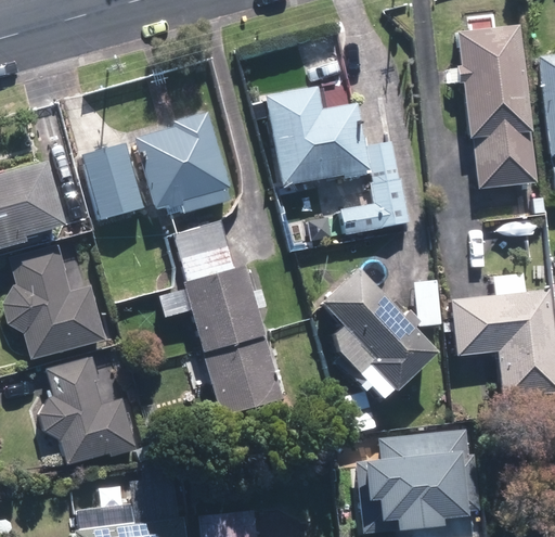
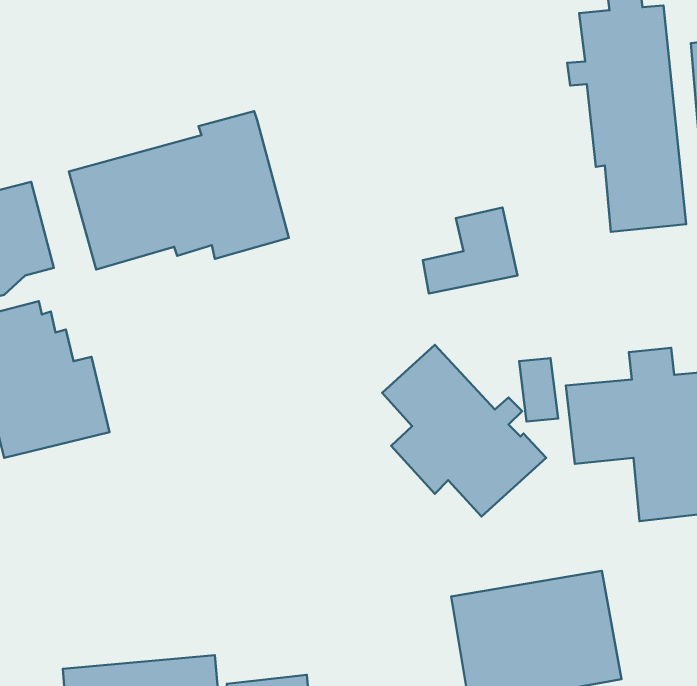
building: [257,84,395,190] -> none
building: [178,219,287,412] -> none
building: [50,353,143,460] -> none

